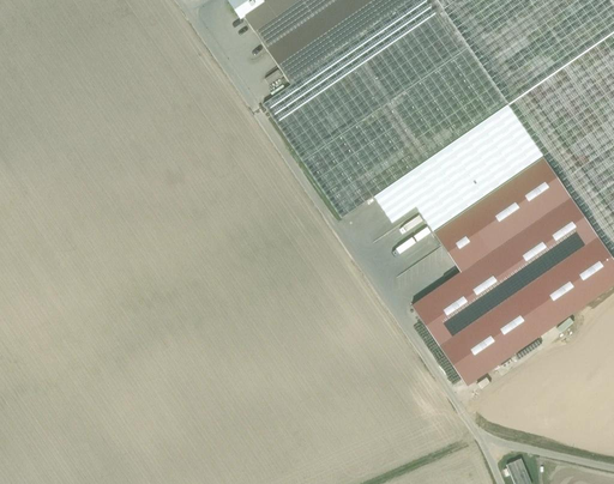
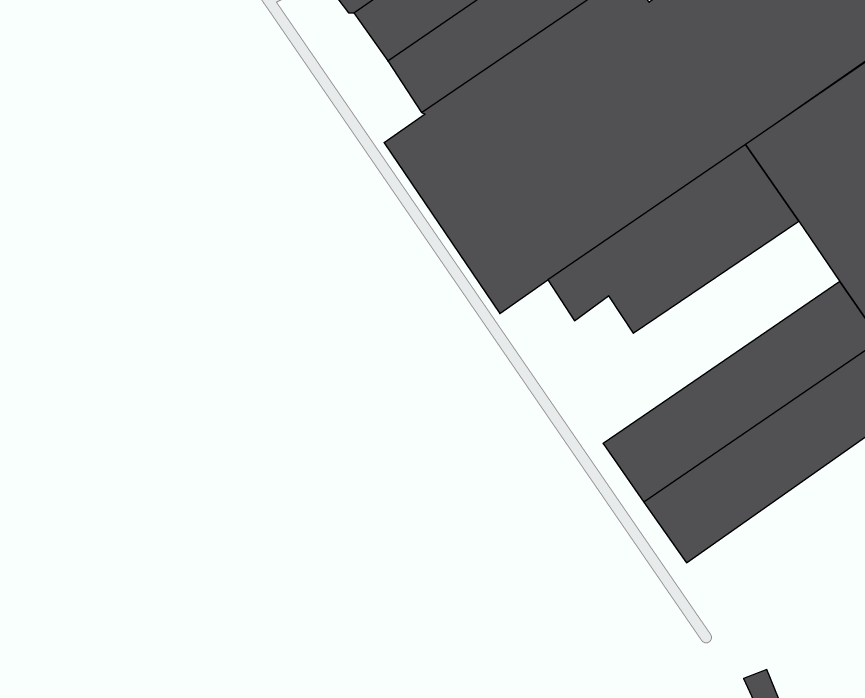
building: [433,155,572,271] -> none

